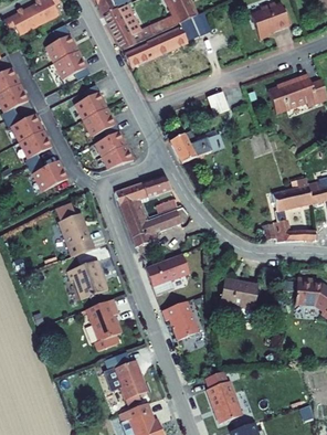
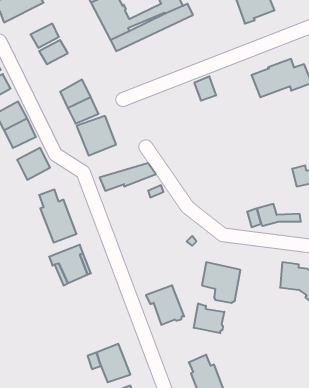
building: [169,128,223,163] -> none
building: [273,182,313,209] -> none
building: [120,198,182,247] -> none
building: [146,252,190,294] -> none
building: [84,297,118,349] -> none
building: none -> [194,303,224,333]

